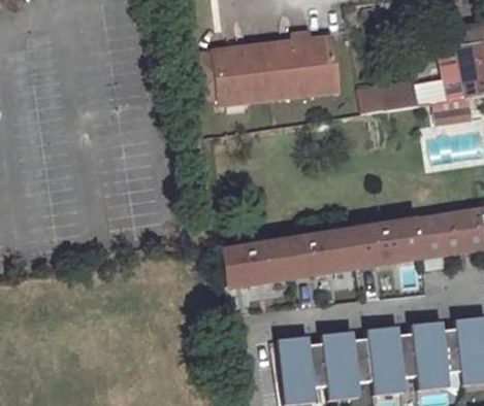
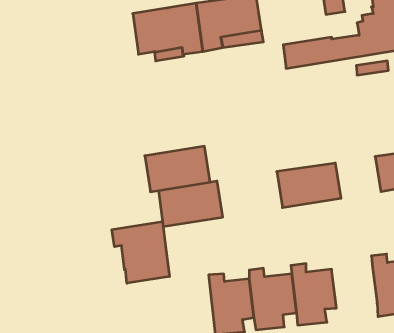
building: [417,210,466,256] -> none
building: [288,227,359,276] -> [145,146,210,192]
building: none -> [112,221,169,283]
building: [412,322,462,388] -> none

